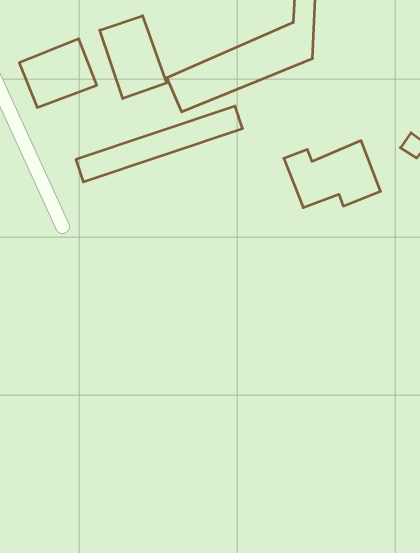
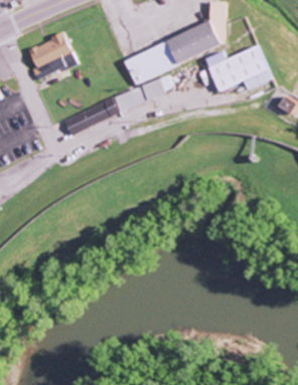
building: [100,16,167,99] -> none
building: [284,141,381,208] -> [206,45,272,90]

